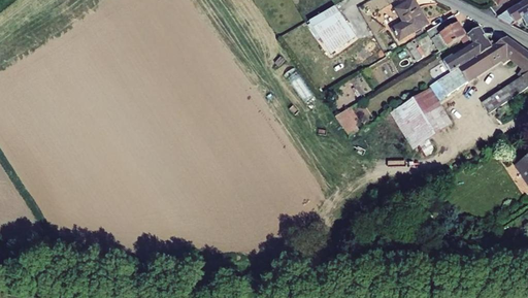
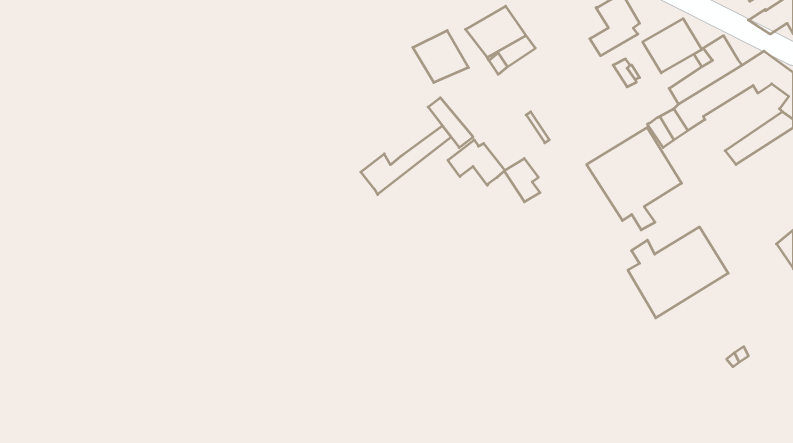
building: none -> [413,30,469,83]
building: none -> [361,126,451,195]
building: none -> [448,140,505,185]
building: none -> [628,227,728,318]

